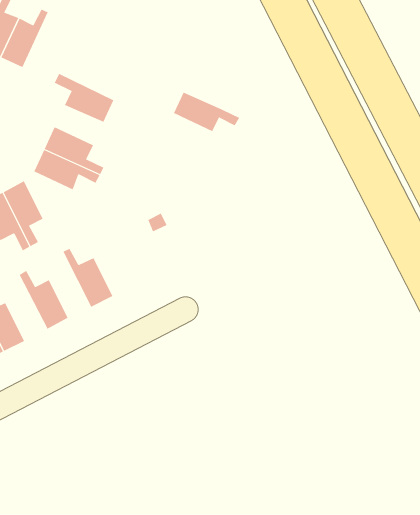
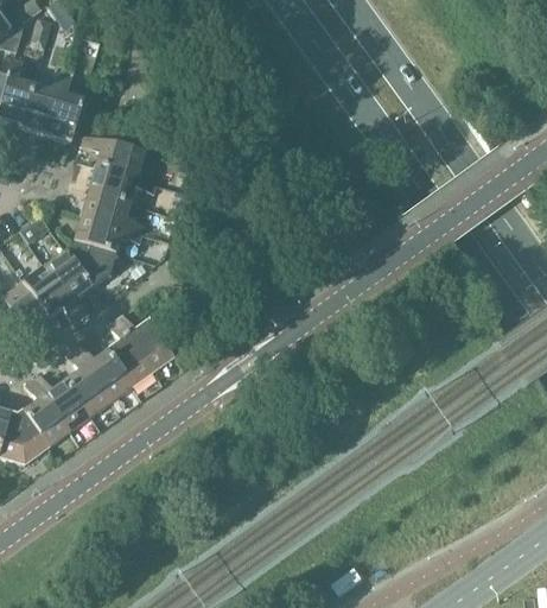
building: none -> [46,71,84,141]
building: [173,92,240,132] -> [88,165,158,202]
building: none -> [65,239,117,286]
building: none -> [107,317,154,385]
building: none -> [65,348,113,416]

